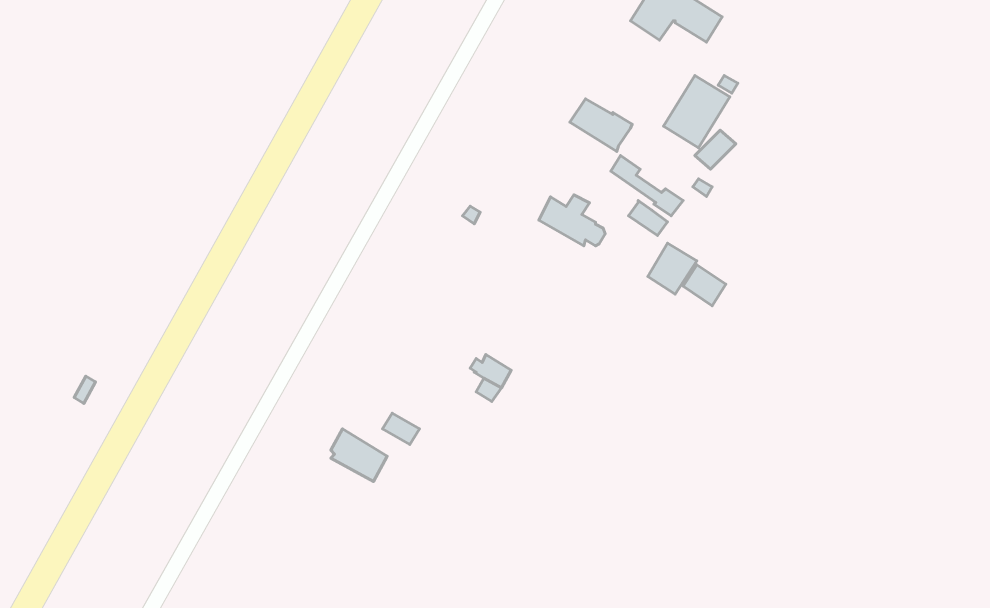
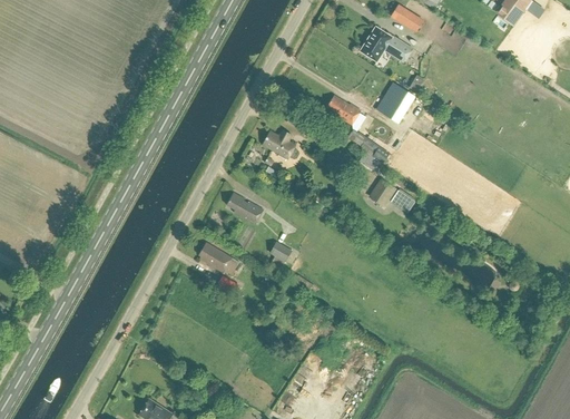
building: [539,195,605,246] -> [263,129,301,158]
building: none -> [226,192,264,224]
building: [331,429,387,481] -> [199,242,232,272]

